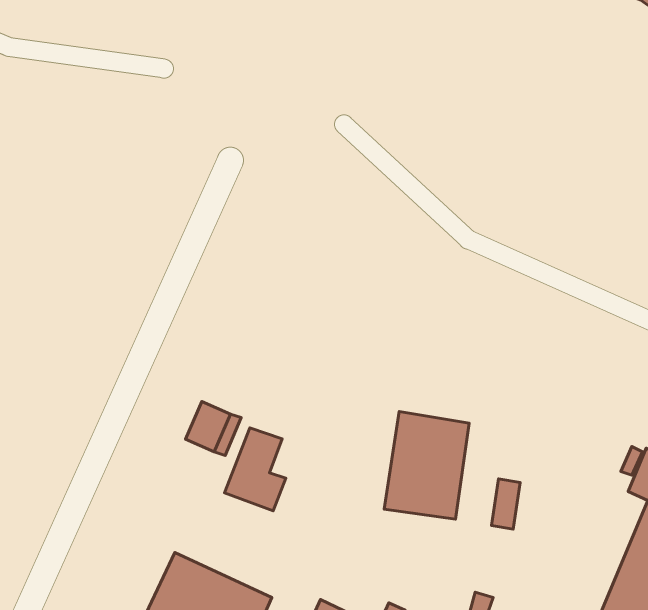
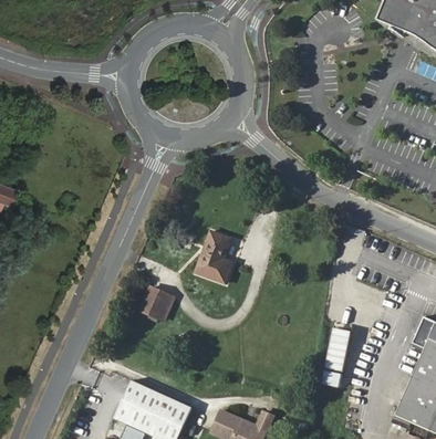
building: [384,412,469,519] -> none
building: [225,428,286,511] -> [196,231,233,282]

